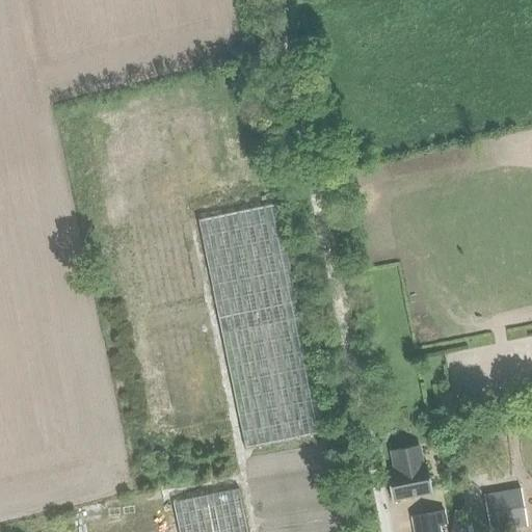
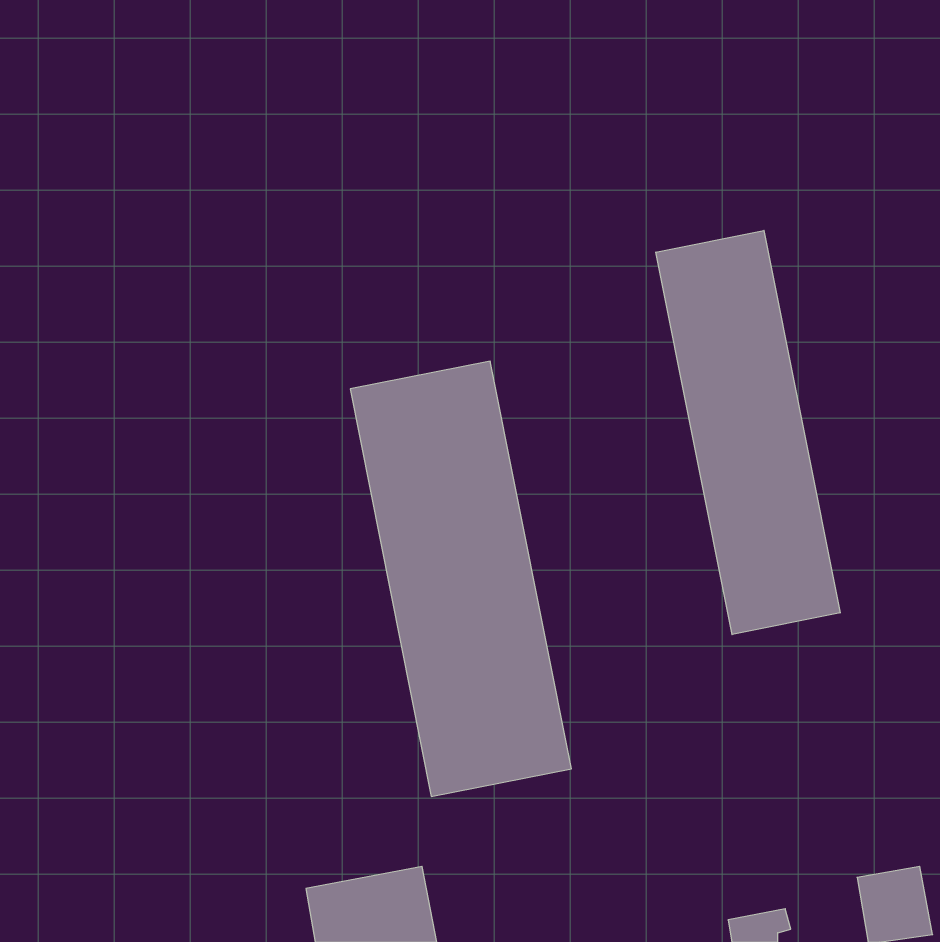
building: none -> [656,230,840,635]
building: [384,446,431,502] -> none

